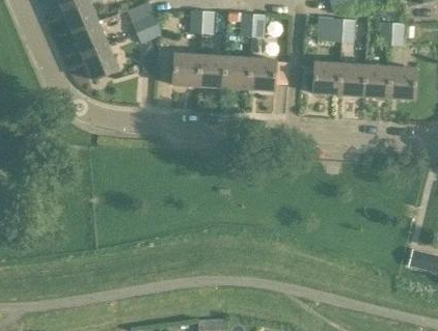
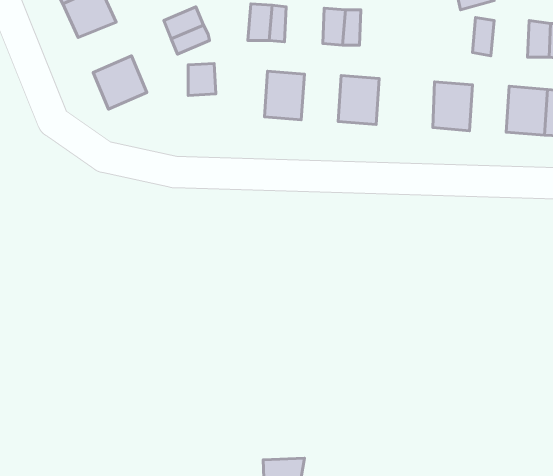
building: [317,16,343,42] -> none
building: [73,21,109,55] -> none
building: [173,53,201,85] -> none
building: [224,56,251,88] -> none
building: [338,63,365,95] -> none

